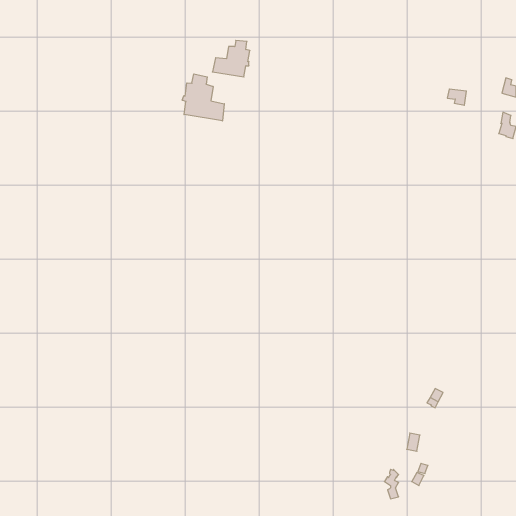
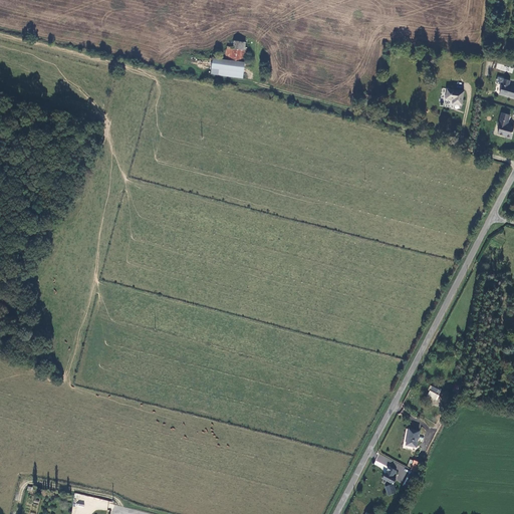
building: [182,74,224,121] -> none

